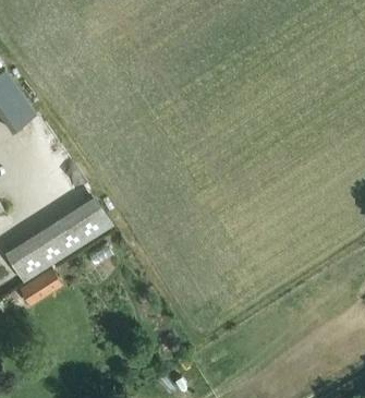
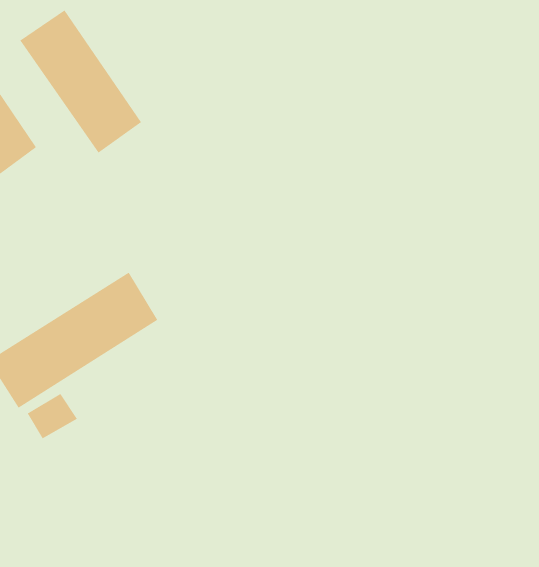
building: none -> [20,10,142,154]

